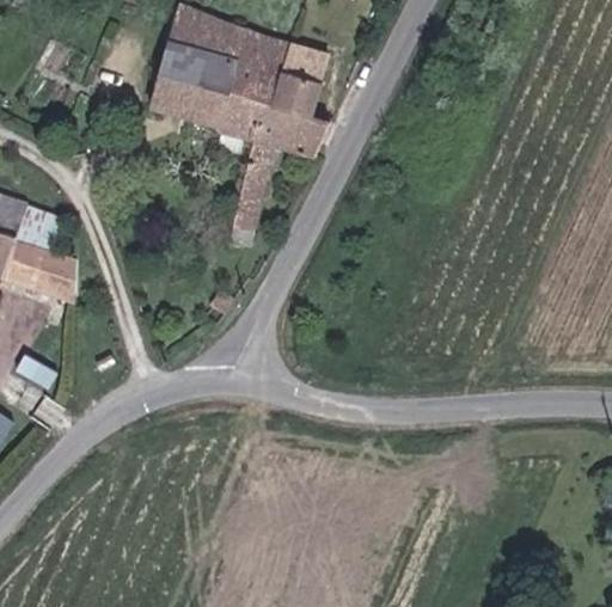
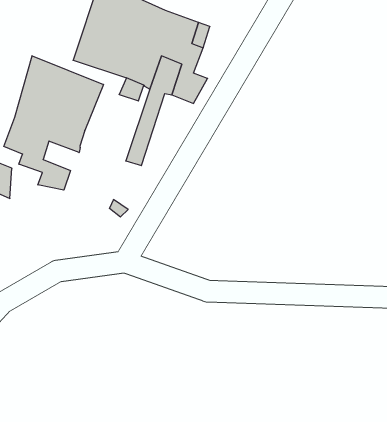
building: none -> [4,56,103,190]

